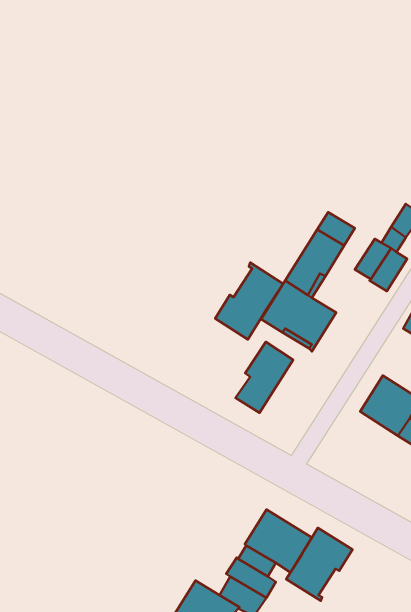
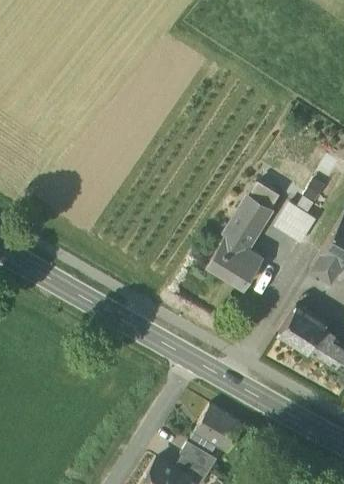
building: [215,263,283,340] -> none
building: [235,342,293,413] -> none
building: [286,528,353,601] -> none

